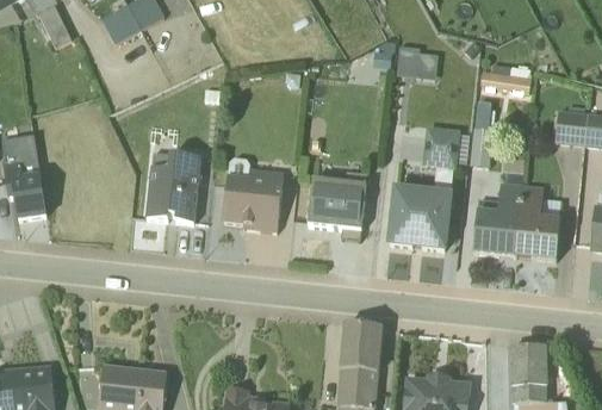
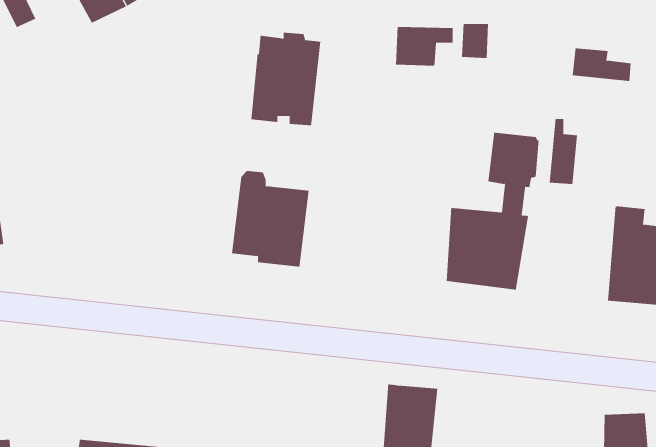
building: [472,143,522,257] -> none
building: [145,149,200,222] -> [251,32,321,126]
building: [308,172,366,238] -> none

